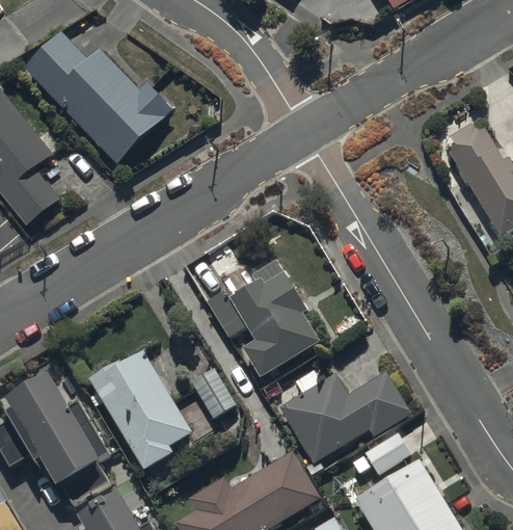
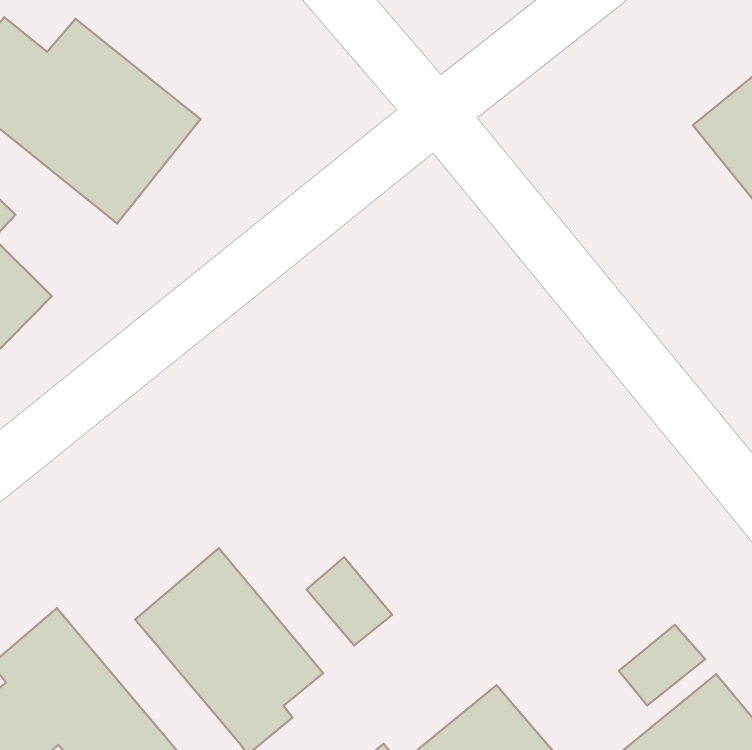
building: [205,258,319,379] -> none
building: [278,370,411,463] -> none

